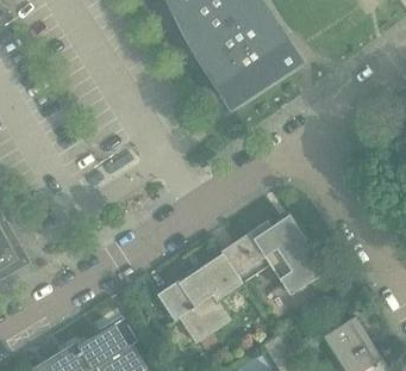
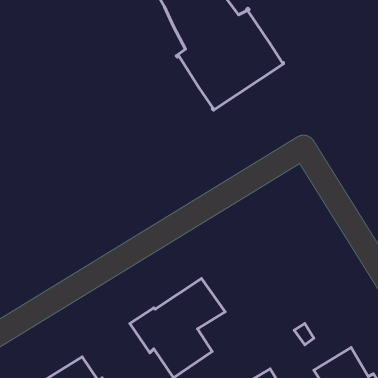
building: [220,214,325,293] -> none

